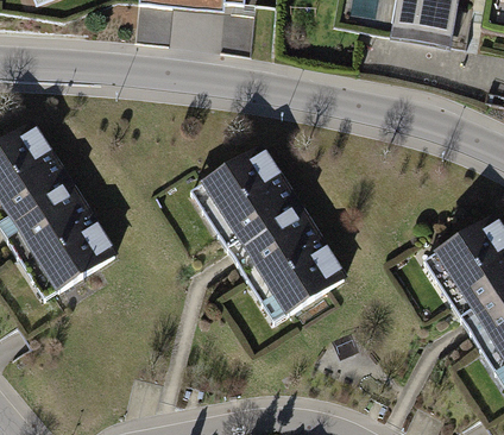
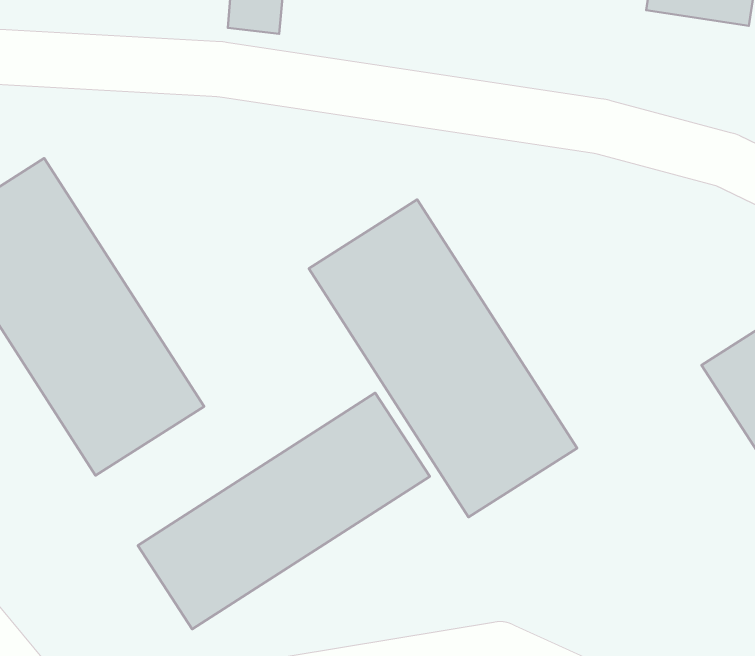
building: none -> [138,393,430,629]

